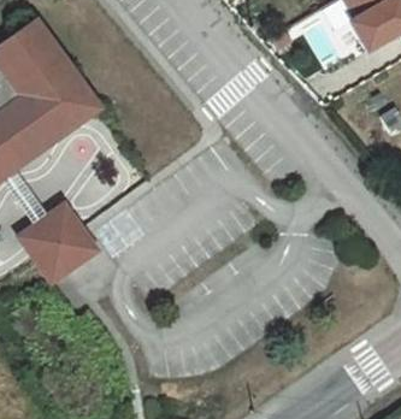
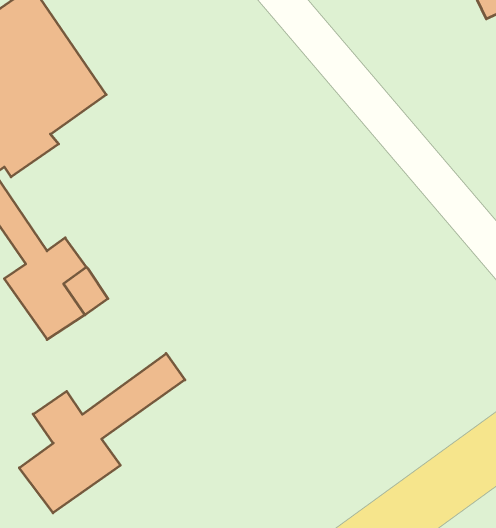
building: none -> [19,353,185,513]

